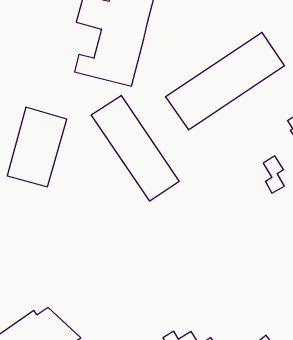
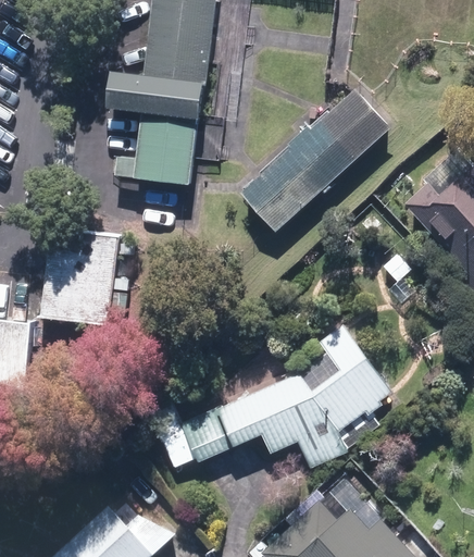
building: [91,95,179,201] -> none
building: none -> [150,324,390,467]

